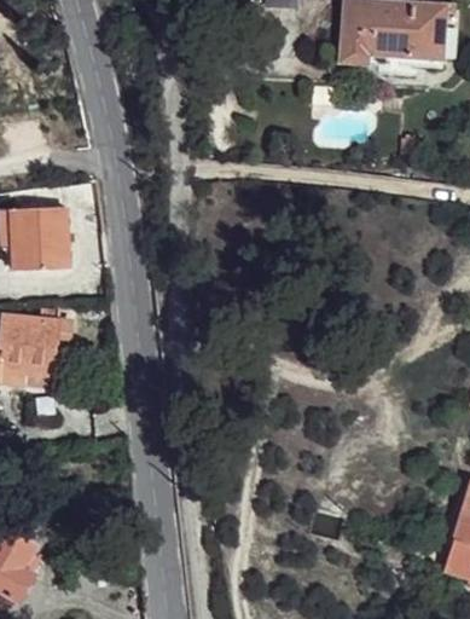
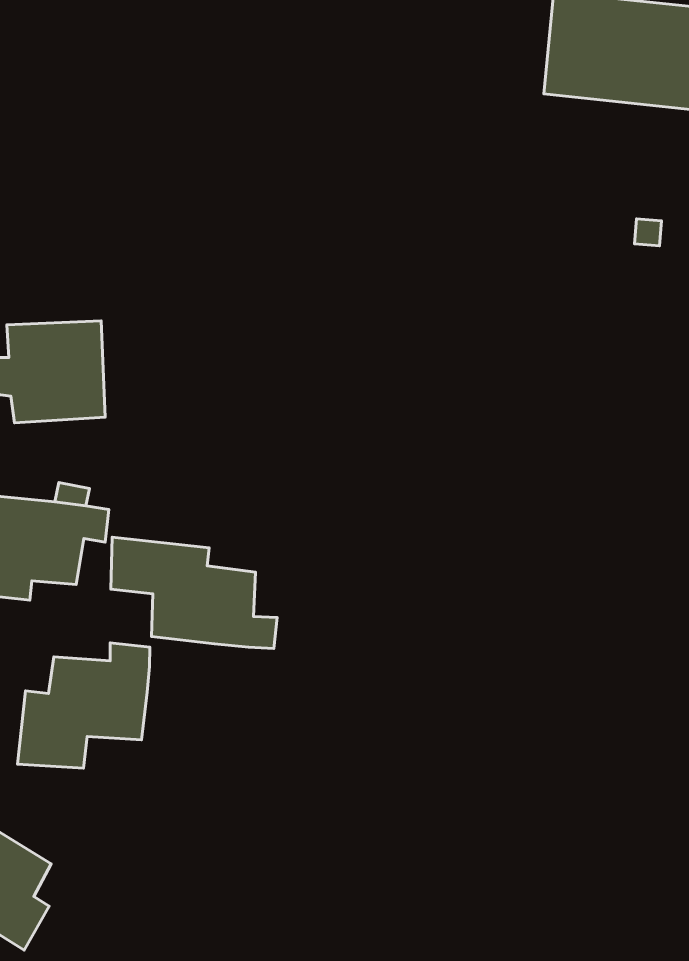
building: none -> [111,537,277,649]
building: none -> [17,643,150,768]

